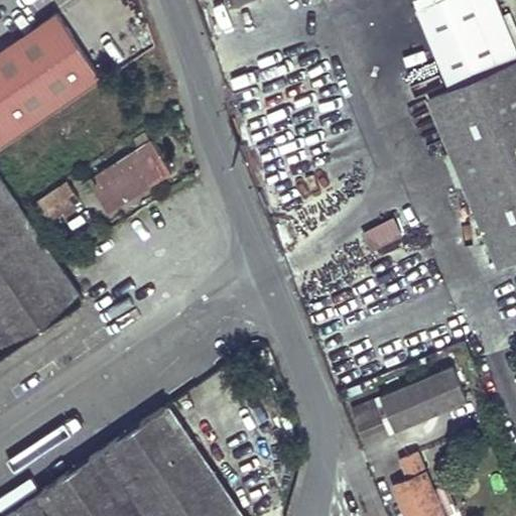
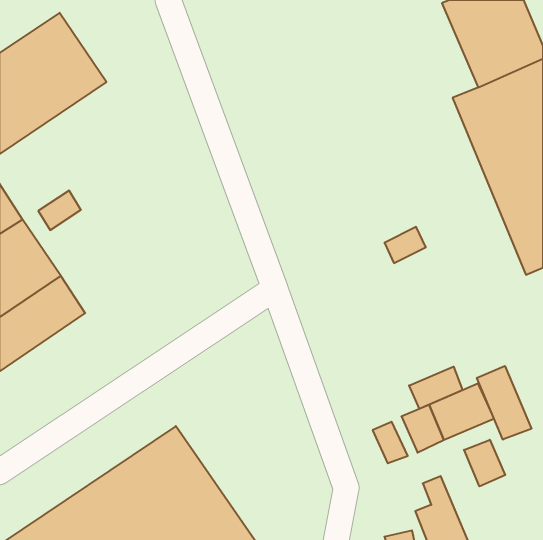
building: [90,134,171,207] -> none
building: none -> [477,366,531,440]
building: none -> [409,367,462,409]
building: none -> [464,440,505,486]

